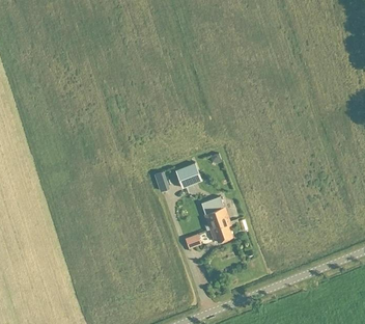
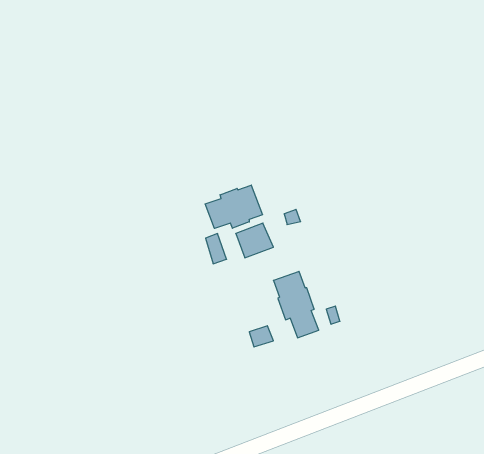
building: none -> [205,185,262,228]

